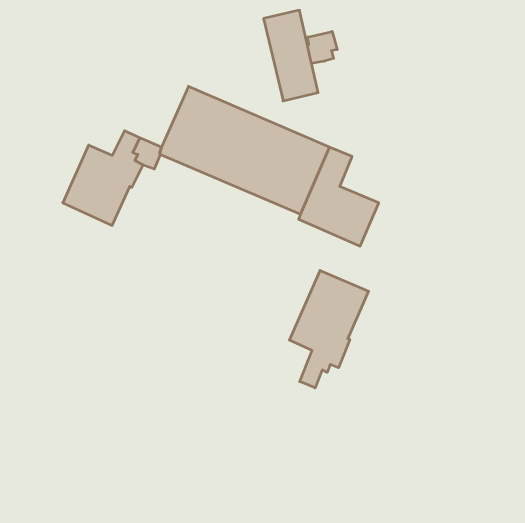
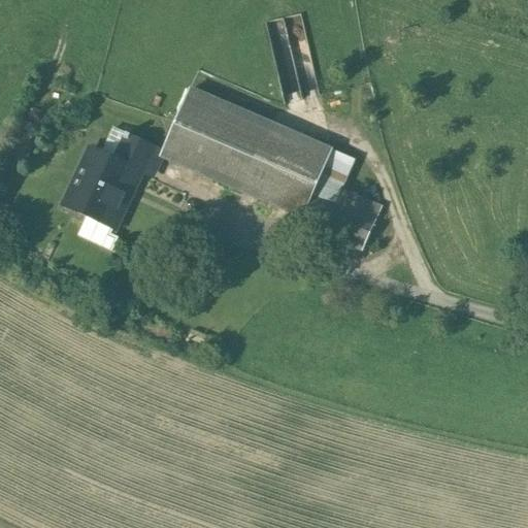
building: [307,31,337,63] -> none
building: [289,270,369,388] -> none

